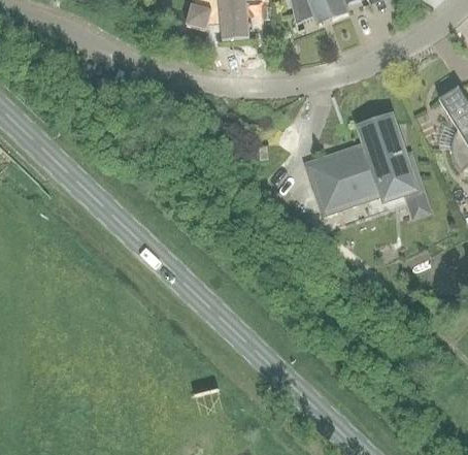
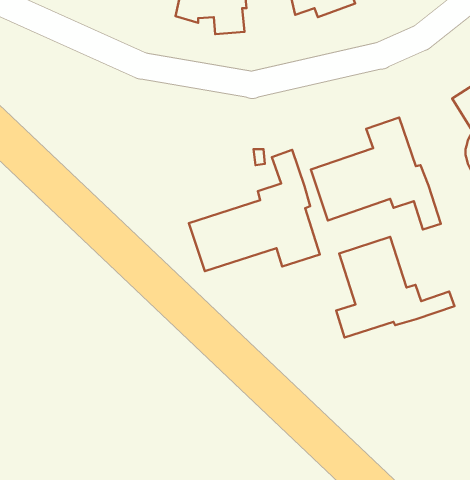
building: none -> [189,150,320,271]
building: none -> [336,237,454,337]

